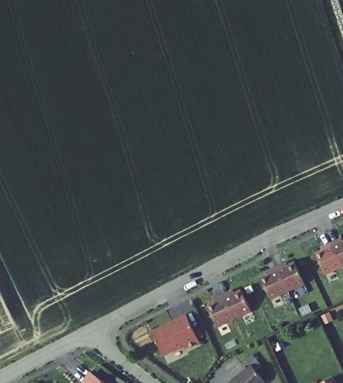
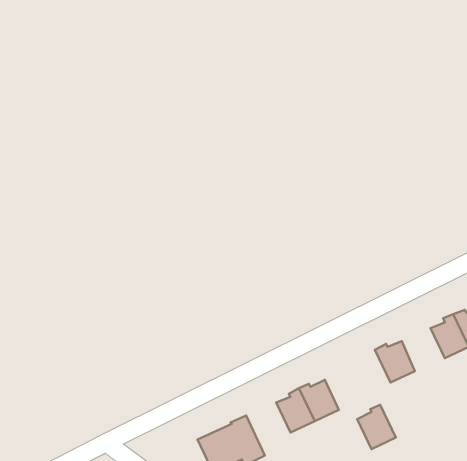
building: [260,268,287,299] -> [357,405,396,449]

